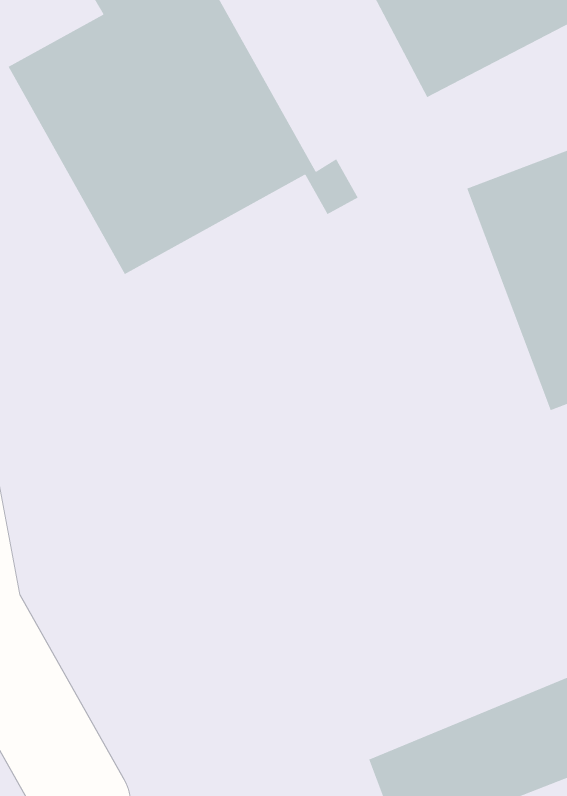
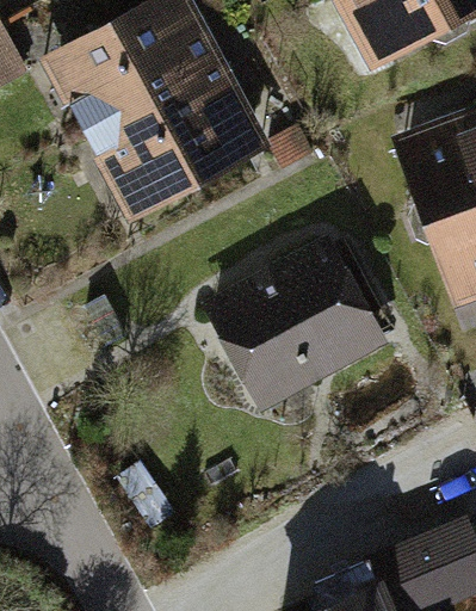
building: none -> [209,233,391,407]

